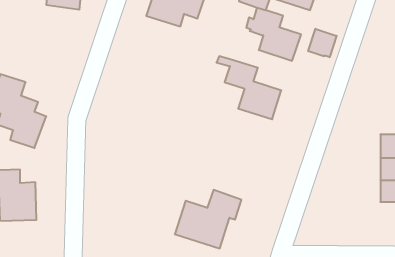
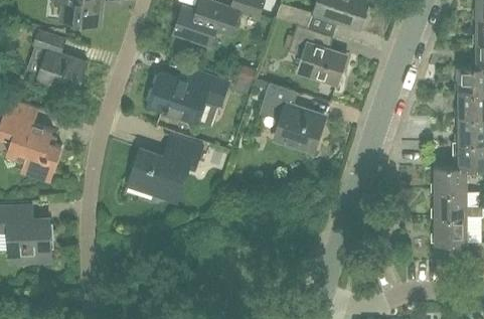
building: none -> [27,28,87,94]
building: [308,29,337,57] -> none
building: none -> [149,73,228,123]
building: [175,190,241,248] -> [128,137,202,202]

